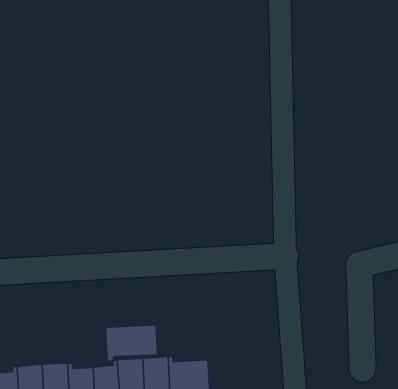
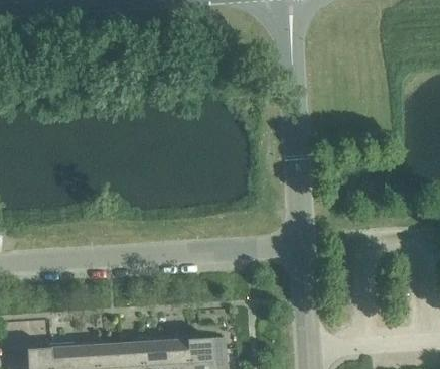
building: [106,325,157,361] -> none

